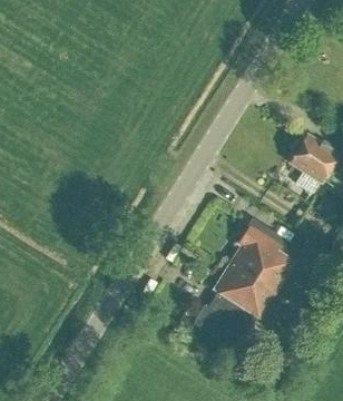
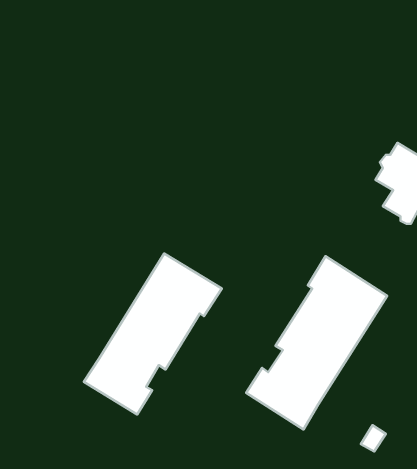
building: none -> [84,253,222,414]

